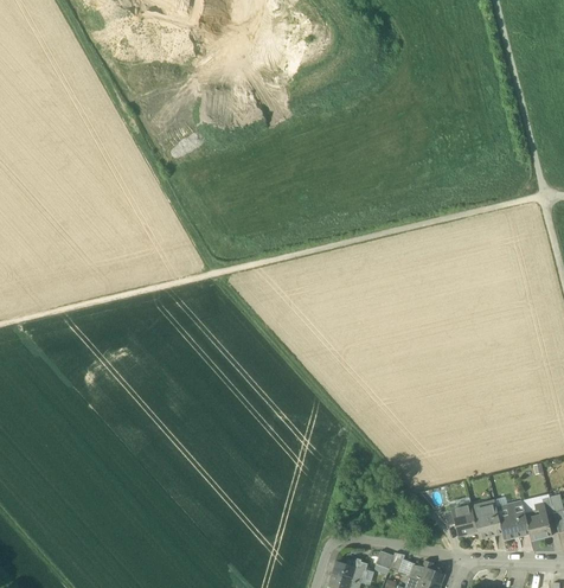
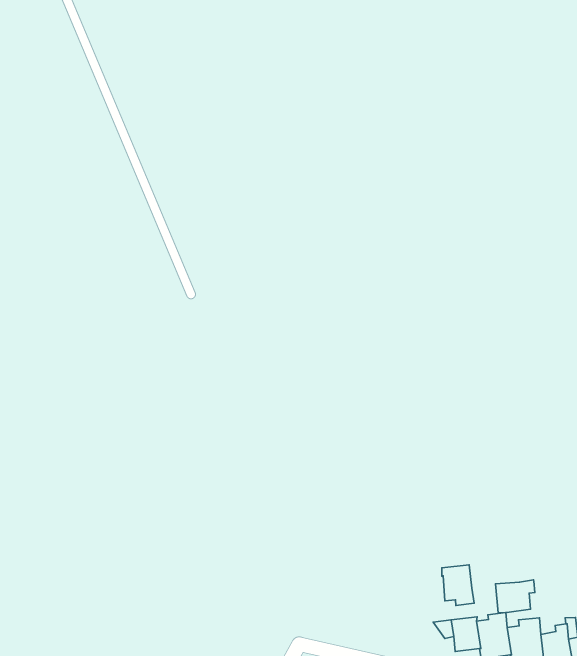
building: none -> [442,565,474,605]
building: none -> [495,580,535,613]

